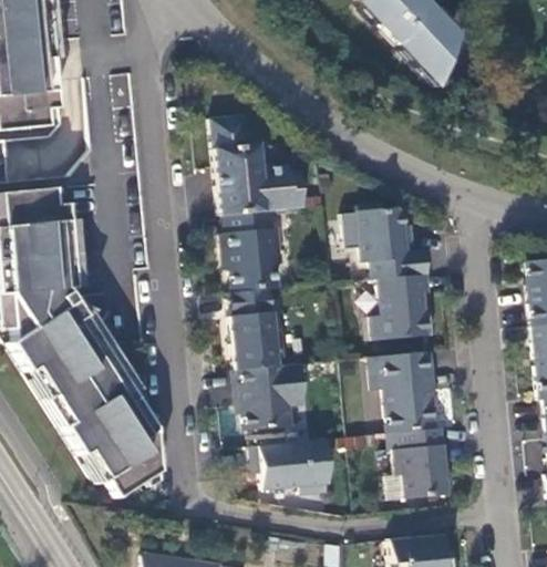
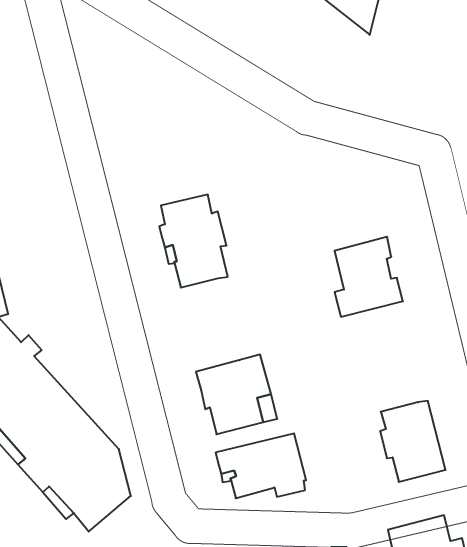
building: [210,113,303,214] -> none
building: [358,203,427,278] -> none
building: [228,287,285,369] -> none
building: [371,350,433,432] -> none

